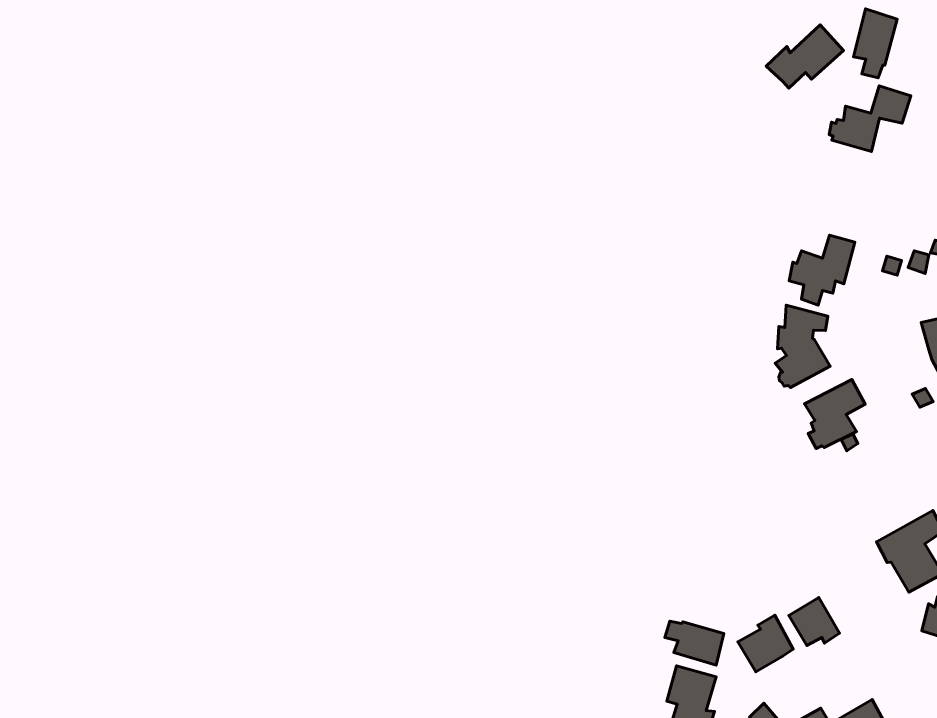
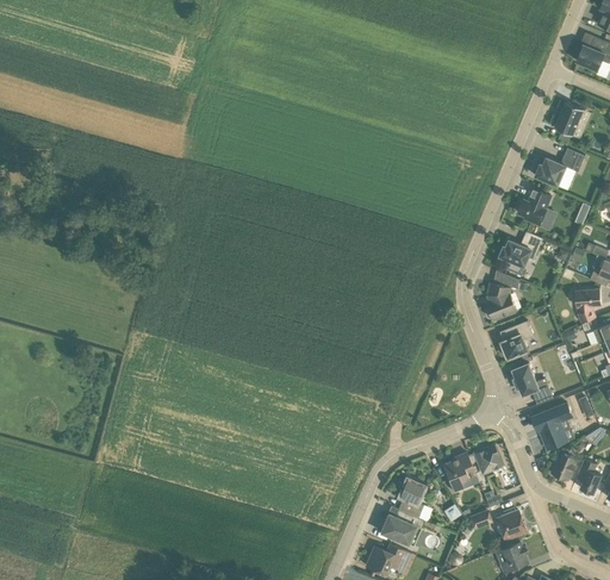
building: [766,25,843,88] -> none
building: none -> [517,188,550,225]
building: none -> [516,366,555,404]
building: [665,621,724,665] -> none

